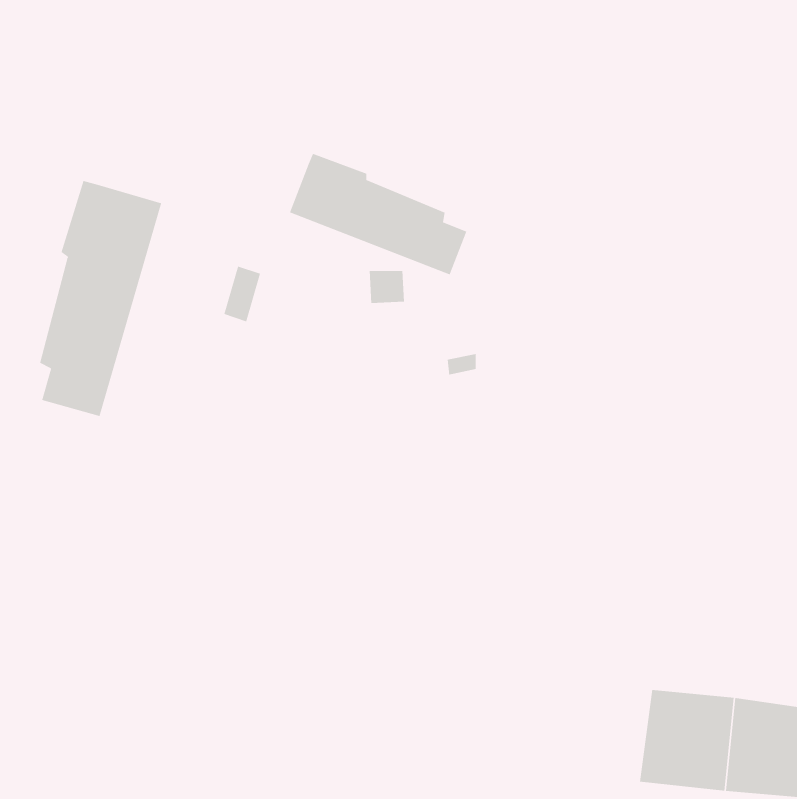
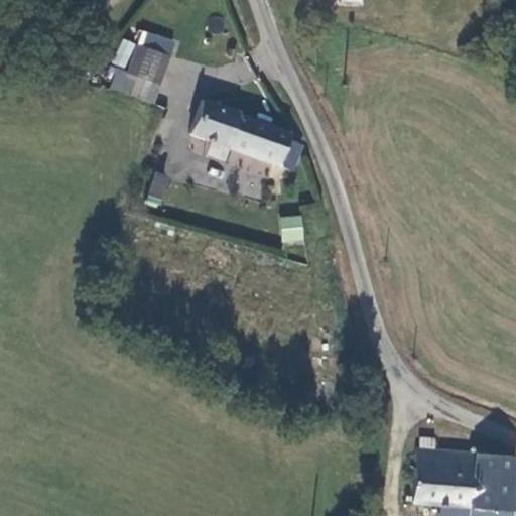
building: none -> [113,45,169,103]
building: [40,180,162,417] -> none

